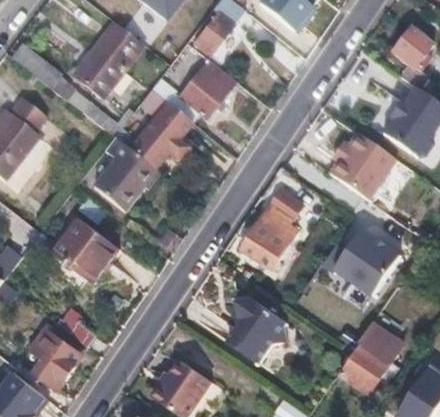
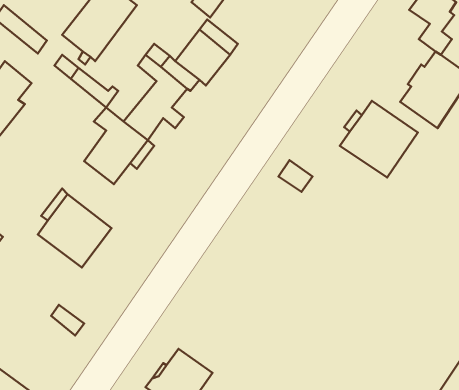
building: [243,210,298,268] -> none
building: [322,228,402,294] -> none
building: [227,293,291,361] -> none
building: [339,323,402,391] -> none
building: [35,330,82,389] -> none

